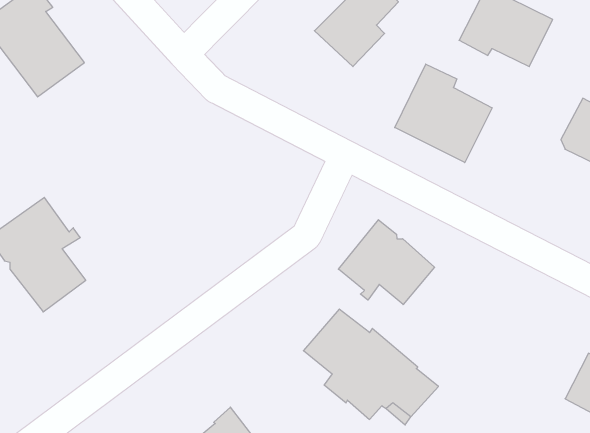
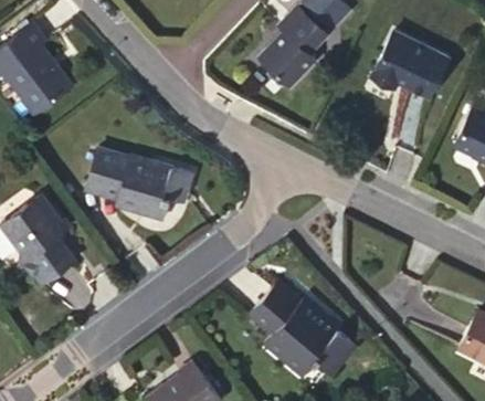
building: [395,64,492,163] -> none
building: none -> [83,146,190,215]
building: [338,220,435,305] -> none

